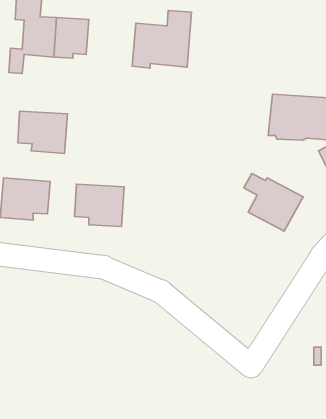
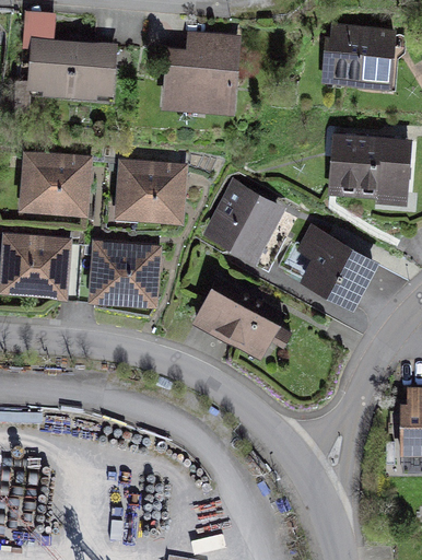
building: none -> [324,27,394,88]
building: none -> [114,165,181,220]
building: none -> [211,186,277,254]
building: none -> [197,278,282,354]

